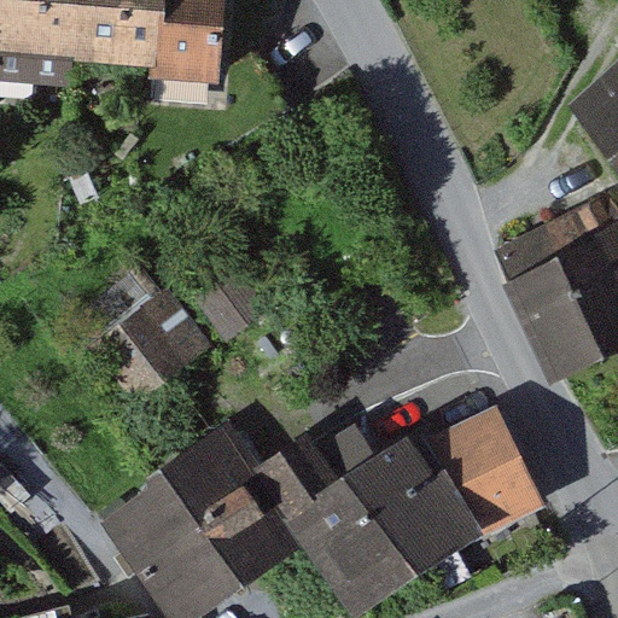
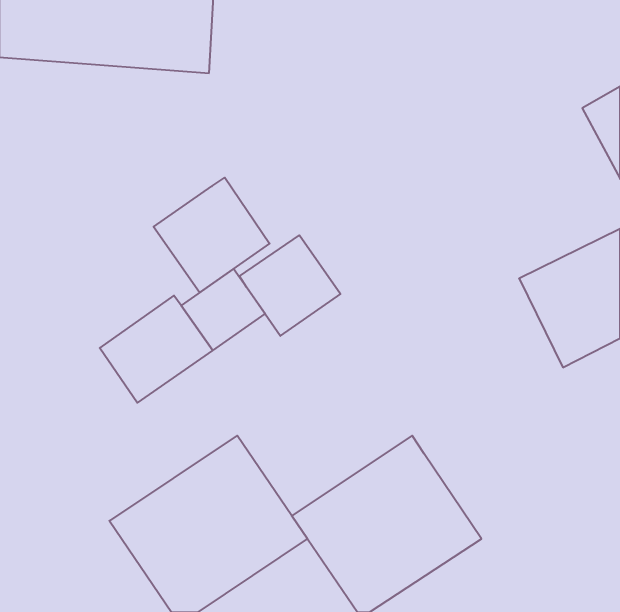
building: none -> [154,178,270,293]
building: none -> [239,235,340,336]
building: [421,414,538,535] -> none

